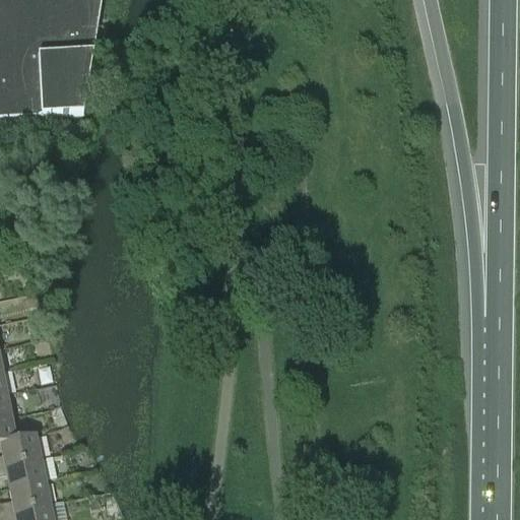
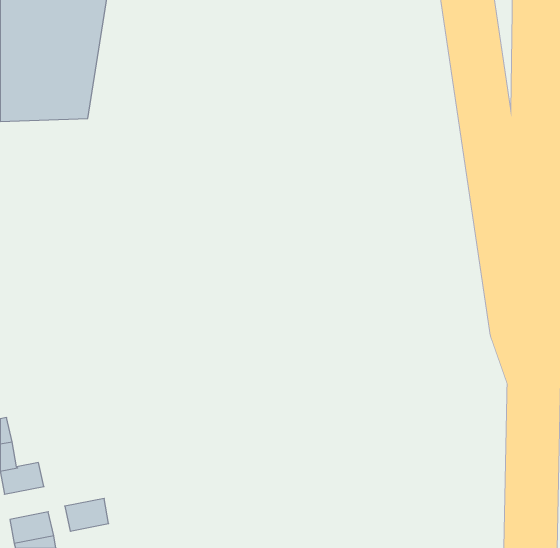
building: [4,451,45,481] -> [65,498,109,531]

